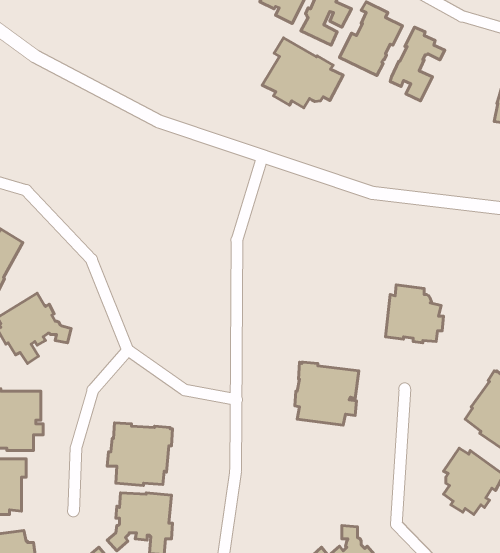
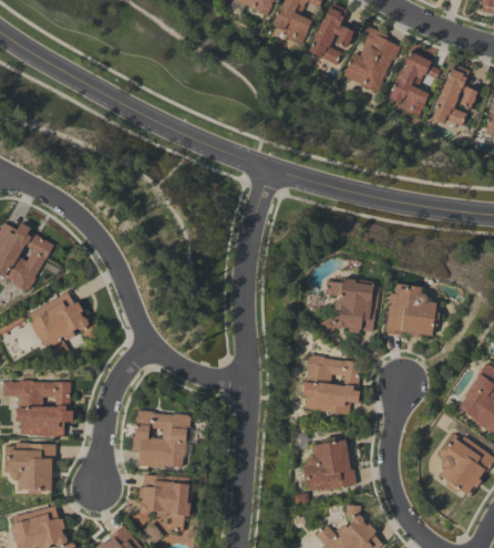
building: [262,38,343,108] -> none
building: none -> [432,64,477,125]
building: none -> [320,278,379,334]
building: none -> [301,440,356,492]

